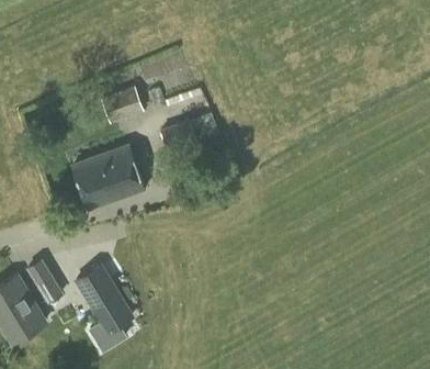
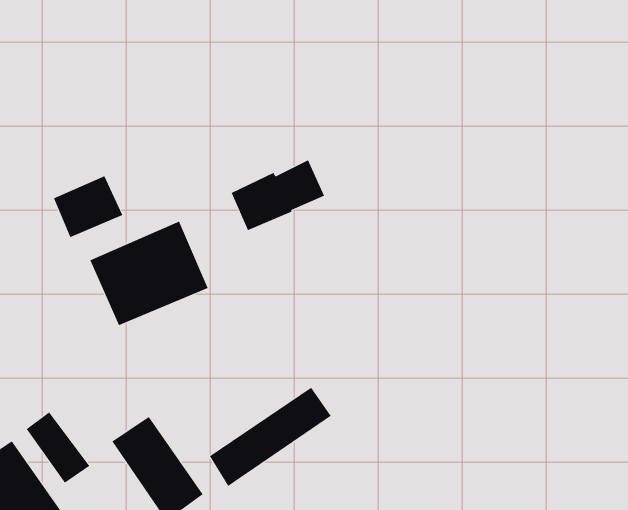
building: [101,87,144,124] -> [53,175,123,238]
building: none -> [209,387,332,487]

